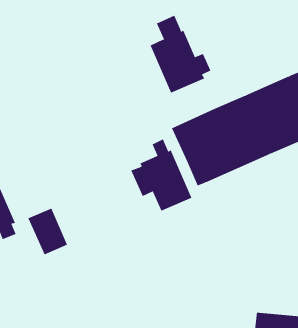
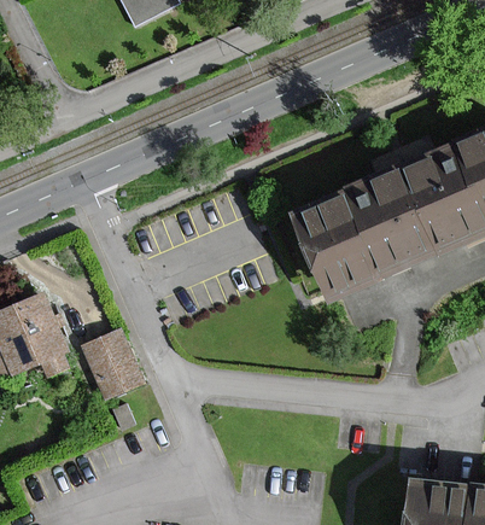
building: [150,15,211,93] -> none
building: [131,139,192,211] -> none

